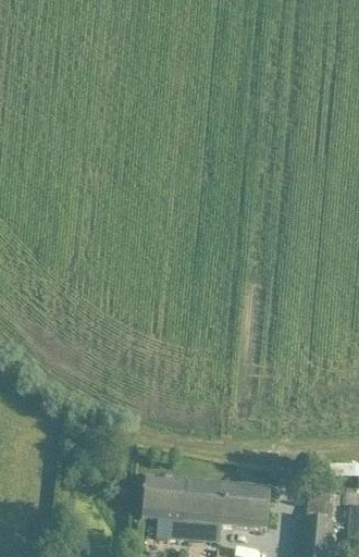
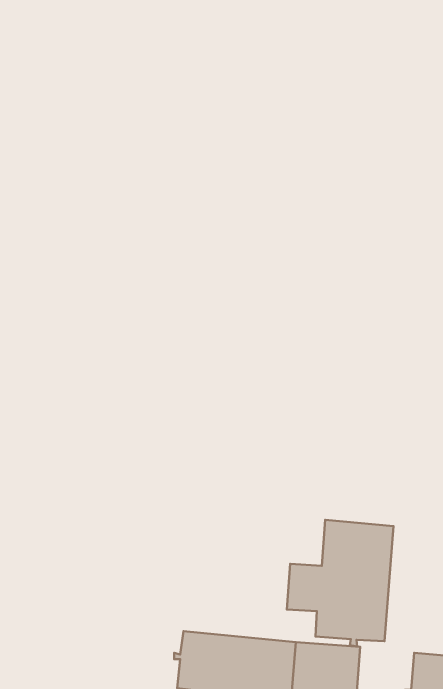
building: none -> [287,520,394,646]

